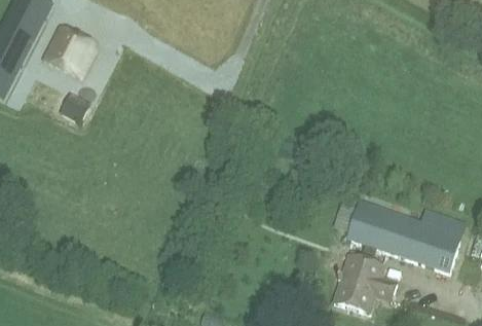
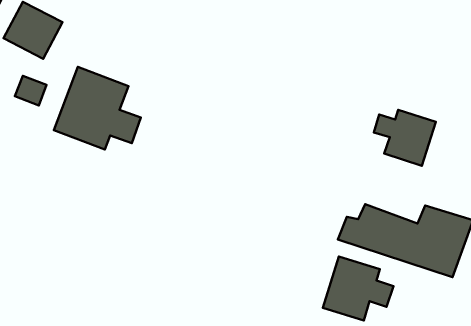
building: none -> [54,67,141,150]
building: none -> [374,110,436,166]

